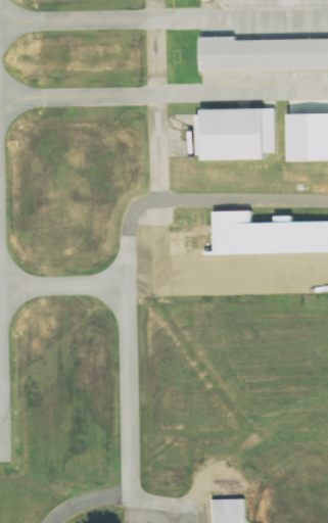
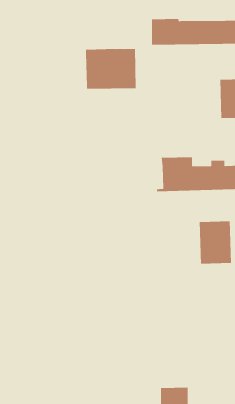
building: [199,108,264,159] -> [85,49,137,89]
building: none -> [199,220,231,264]

